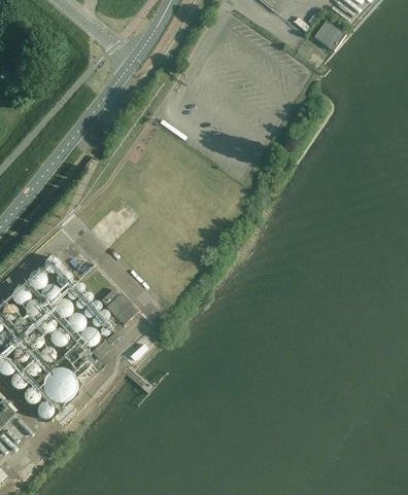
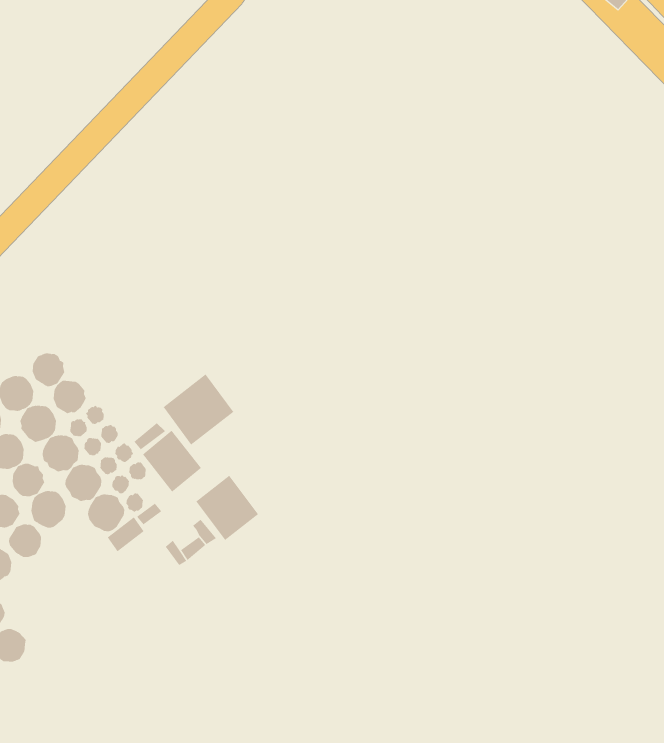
building: none -> [163,373,234,445]
building: none -> [195,475,259,541]
building: [44,370,78,404] -> none

